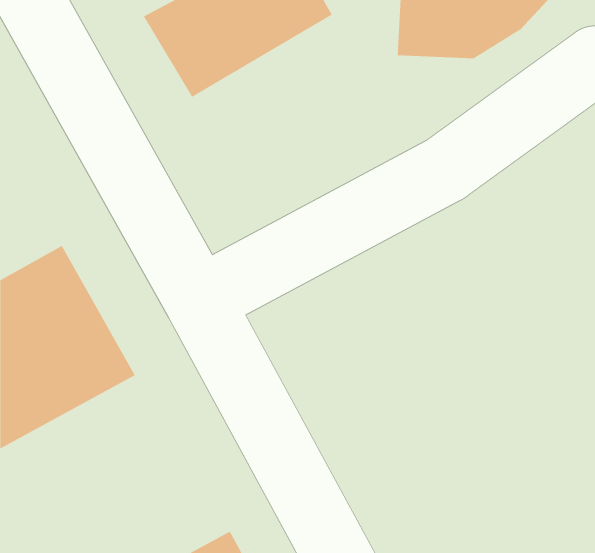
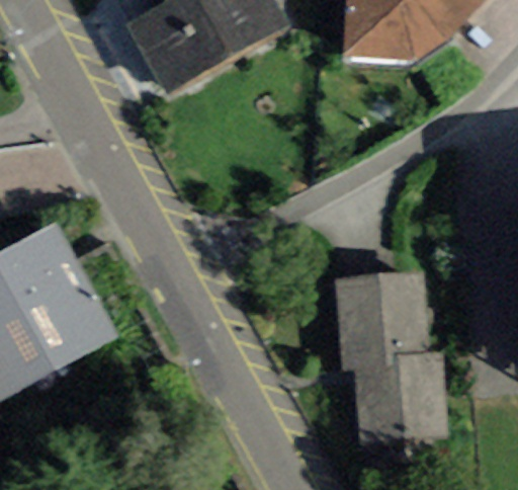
building: none -> [336,271,449,442]

